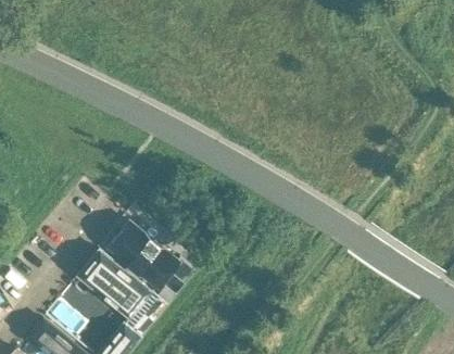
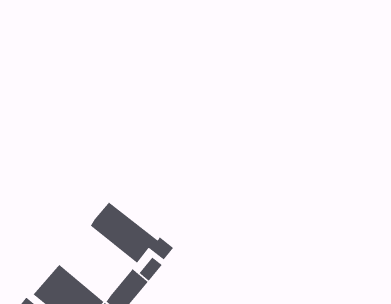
building: [74,245,147,314] -> none

